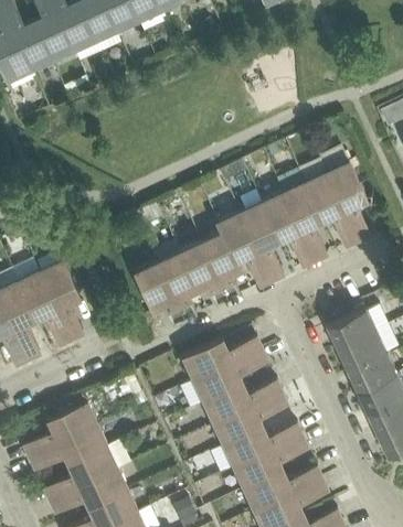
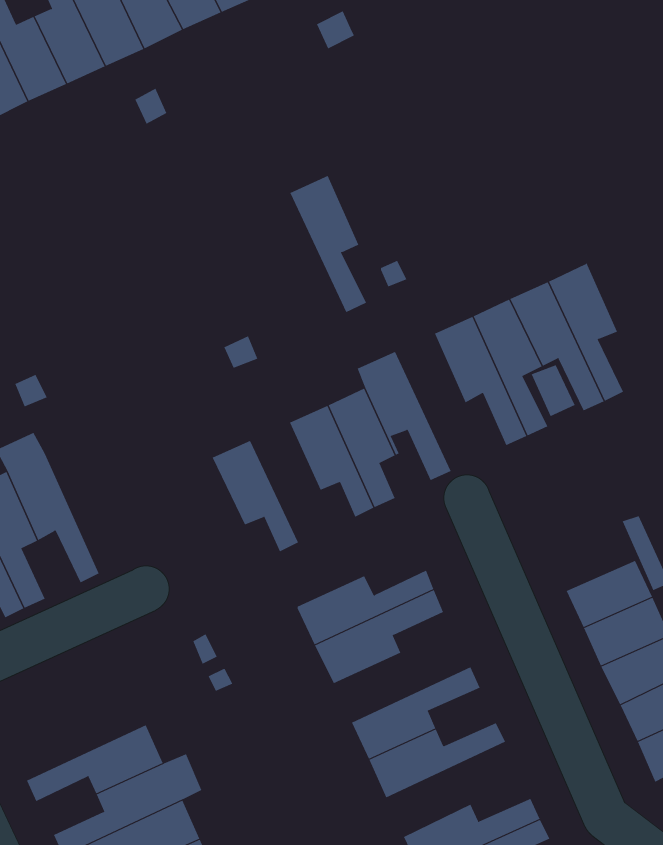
building: [238,202,283,280] -> [290,175,367,313]
building: [156,252,195,321] -> none
building: [39,260,82,338] -> none
building: [326,308,375,348] -> none
building: [203,379,282,423] -> none
building: [23,402,96,456] -> none
building: [233,434,307,488] -> none

